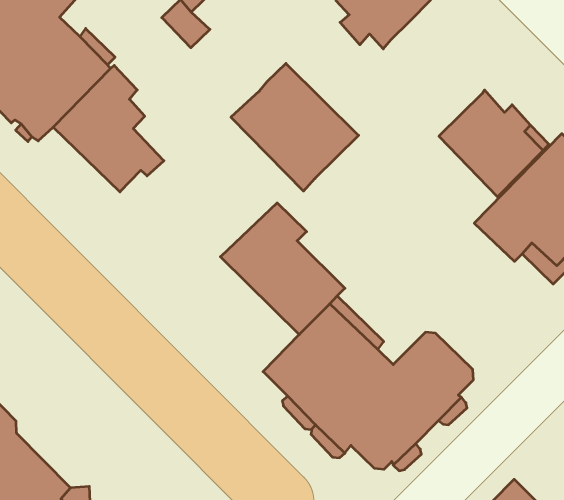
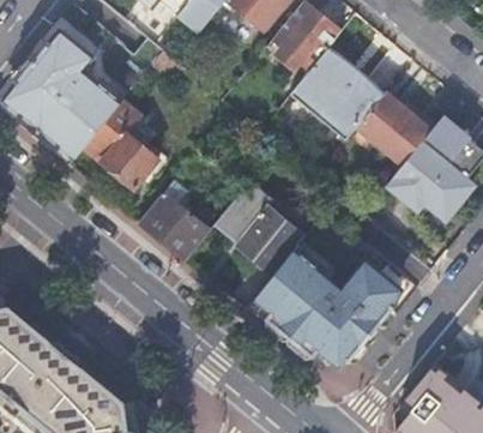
building: [231,63,359,191] -> [291,48,382,137]
building: none -> [137,180,209,261]

